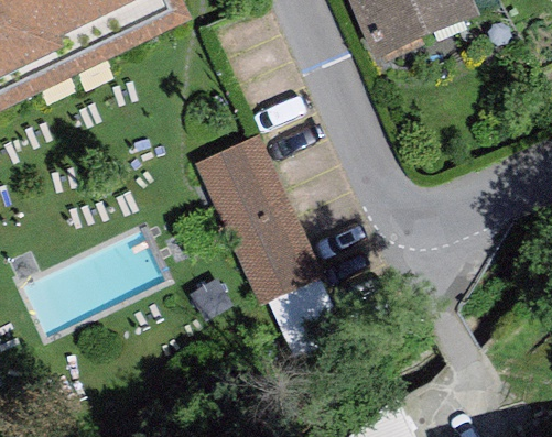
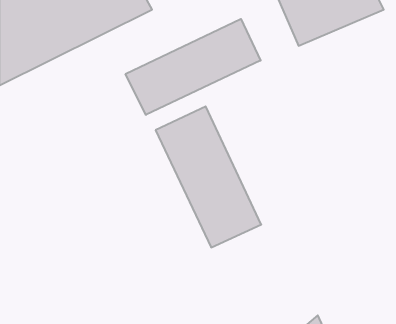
building: none -> [126,19,261,115]

